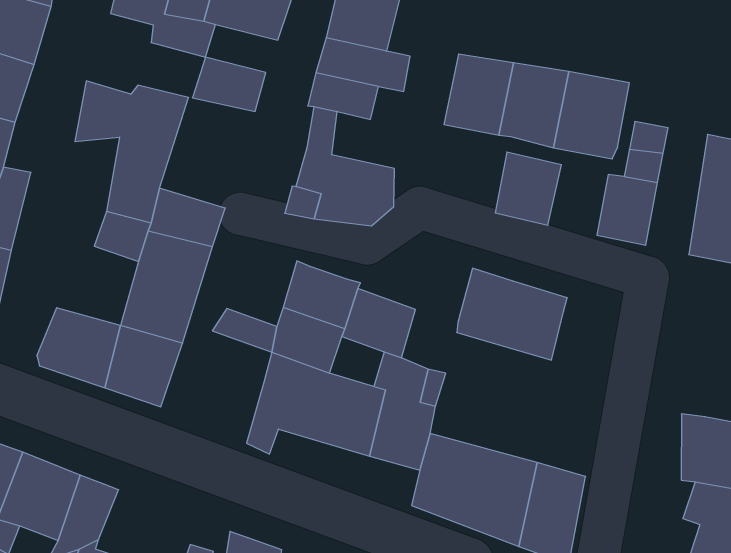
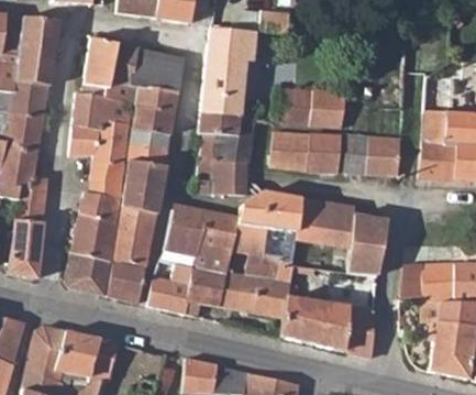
building: none -> [75,95,139,129]
building: none -> [214,108,252,152]
building: none -> [122,139,168,185]
building: none -> [272,132,310,169]
building: none -> [337,139,367,175]
building: none -> [74,213,115,256]
building: none -> [167,204,202,246]
building: none -> [237,195,299,232]
building: none -> [344,219,386,276]
building: none -> [148,271,192,317]
building: none -> [396,267,428,305]

